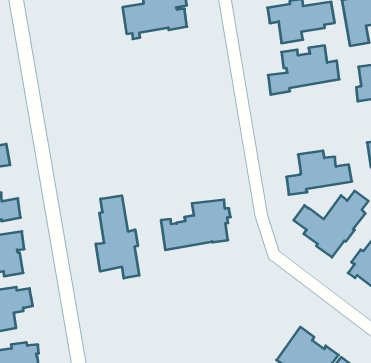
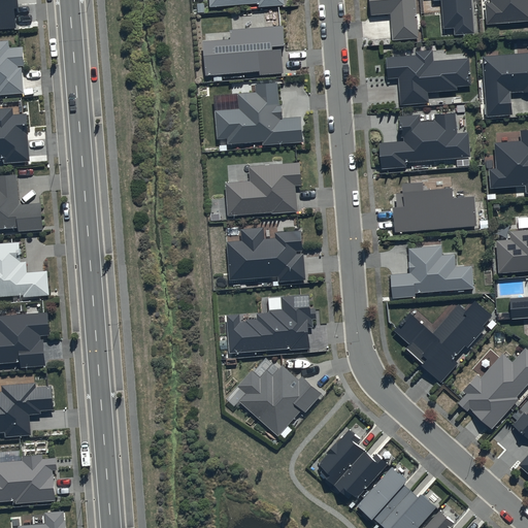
building: none -> [213,82,301,144]
building: none -> [225,162,299,214]
building: none -> [393,183,474,232]
building: none -> [226,228,303,280]
building: [96,196,139,278] -> none
building: none -> [236,365,320,435]
building: none -> [317,429,387,498]

